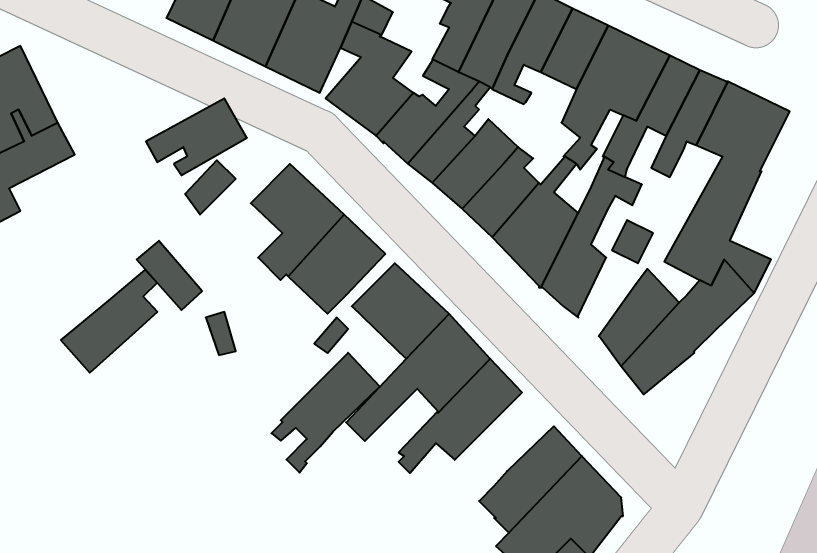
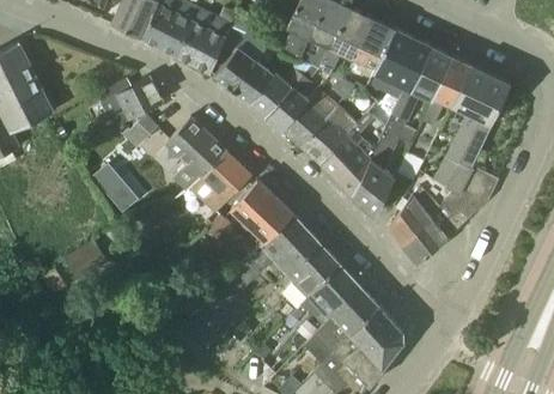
building: [61,270,157,373] -> none
building: [271,353,380,473] -> [291,263,360,340]

